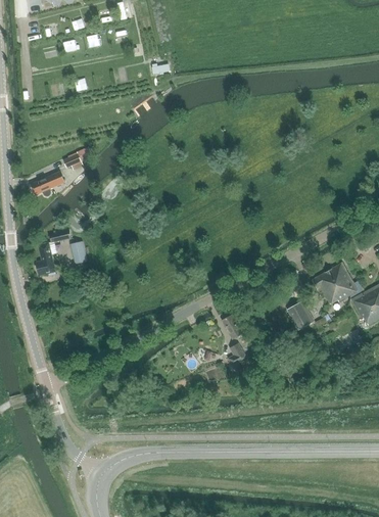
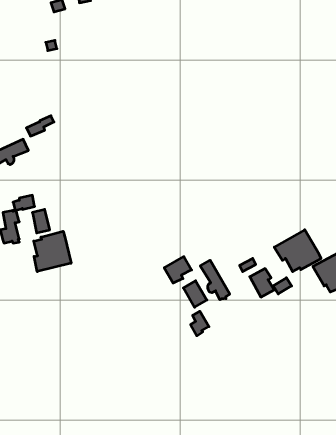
building: none -> [34,231,71,272]
building: none -> [164,257,192,283]
building: none -> [200,260,230,300]

